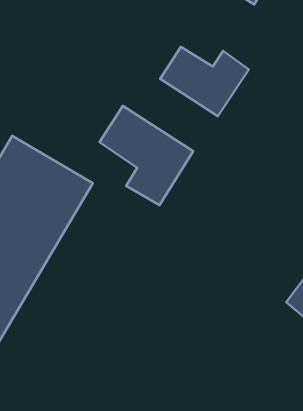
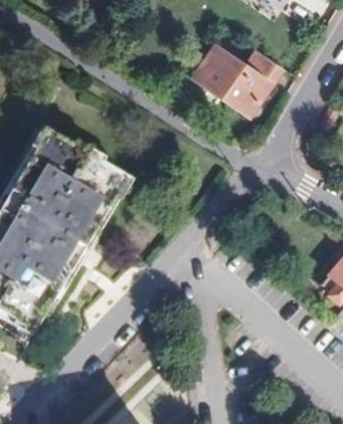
building: [100,106,193,205] -> none

